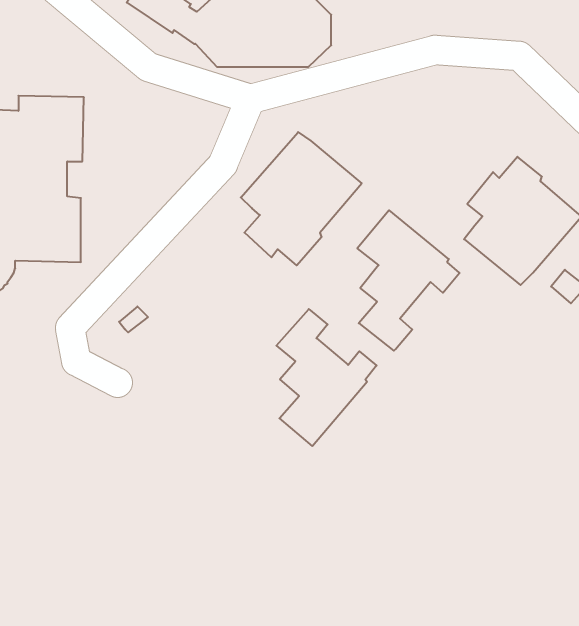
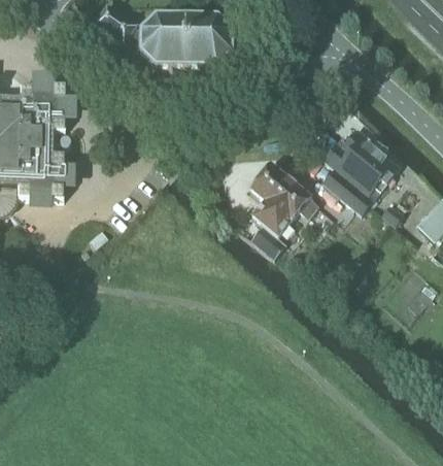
building: [241,132,362,265] -> none
building: [276,309,377,446] -> none

